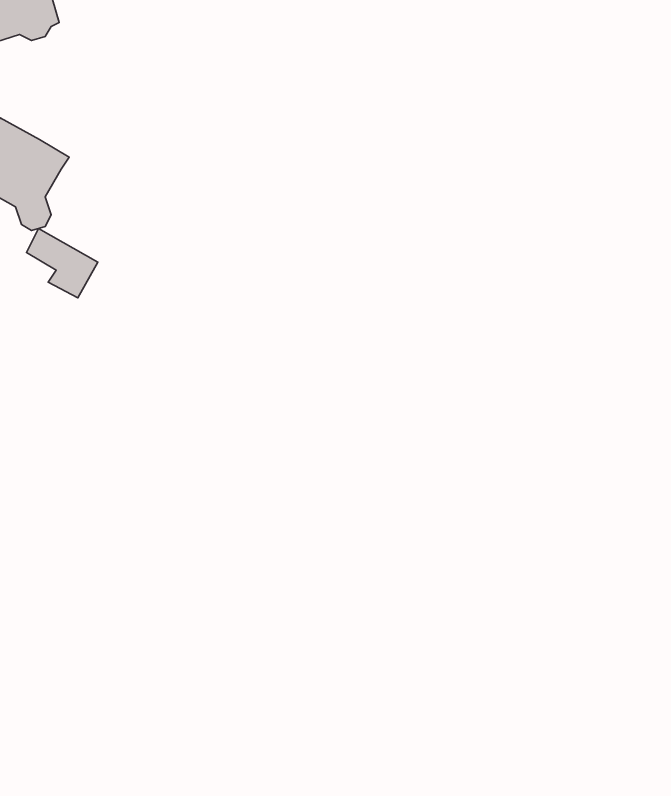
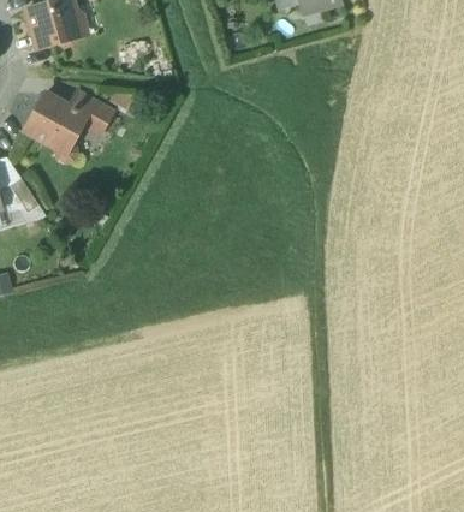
building: [26,229,98,298] -> [70,90,113,132]

